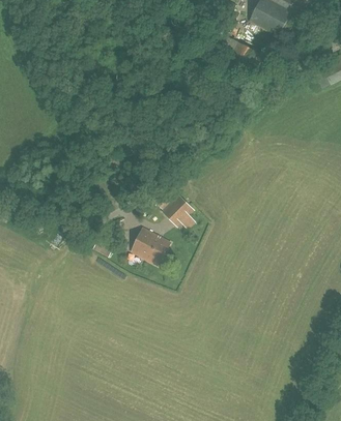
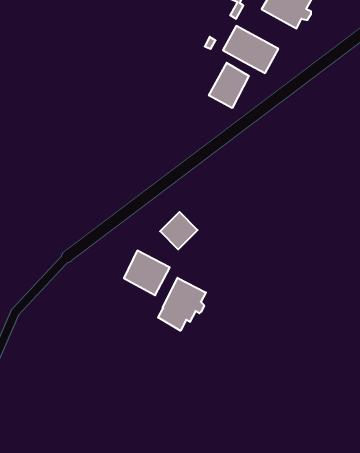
building: none -> [209,63,249,108]
building: none -> [158,278,206,331]

